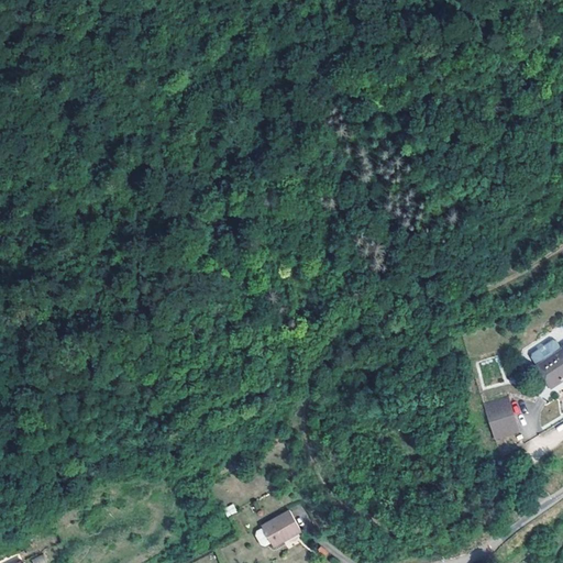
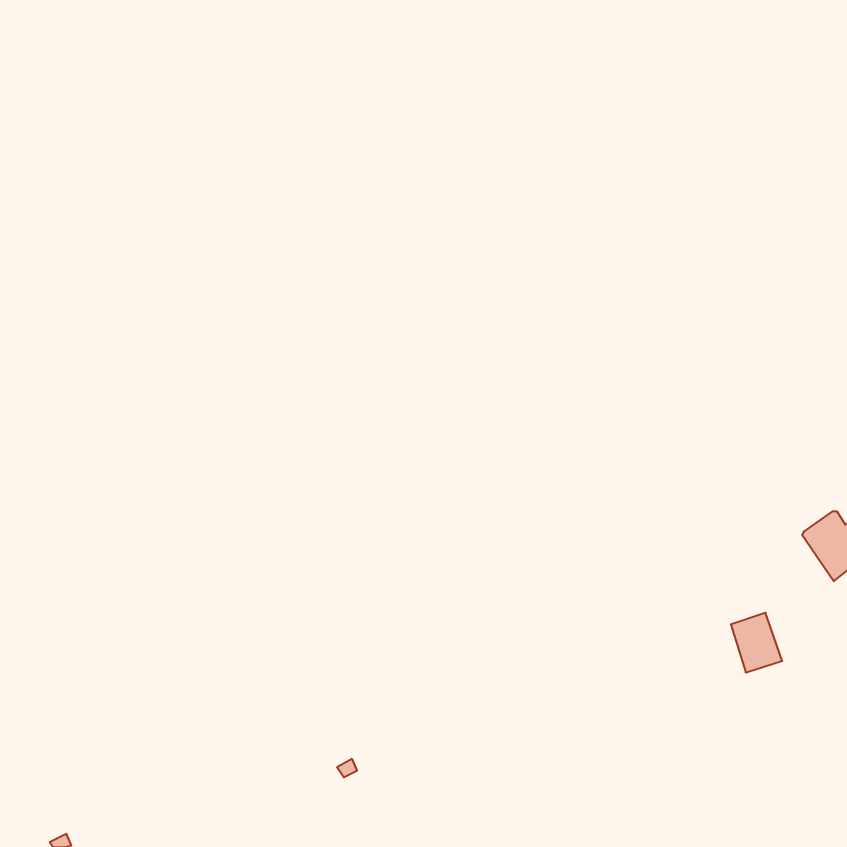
building: [255,508,300,544] -> none

